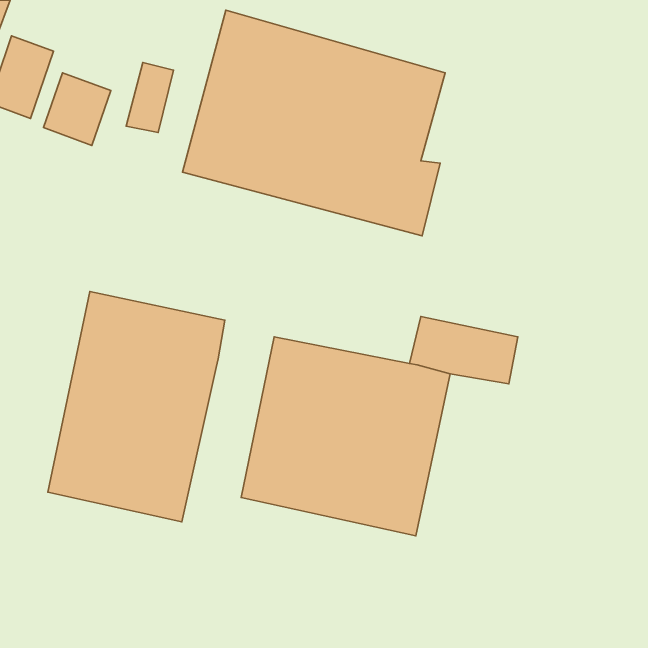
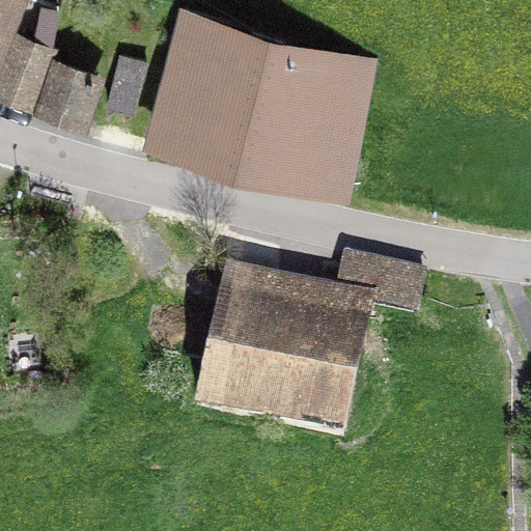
building: [48,291,225,522] -> none

